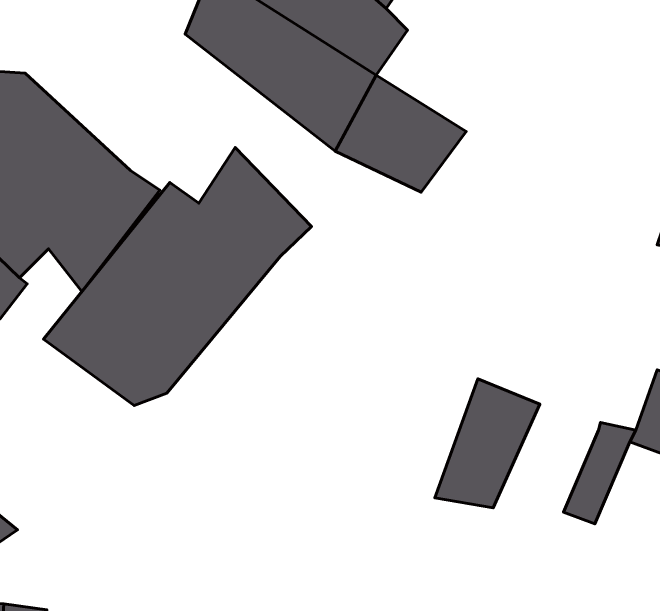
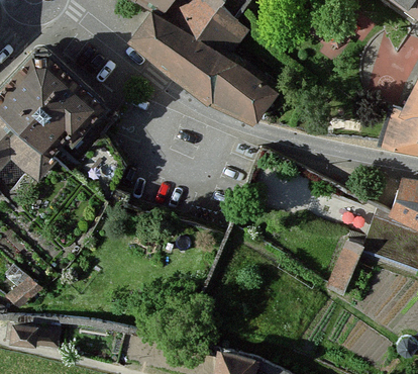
building: [43,147,312,406] -> none
building: [435,379,540,508] -> none

